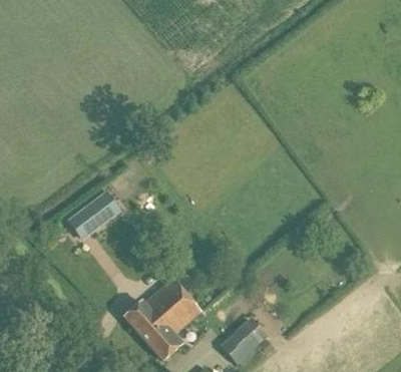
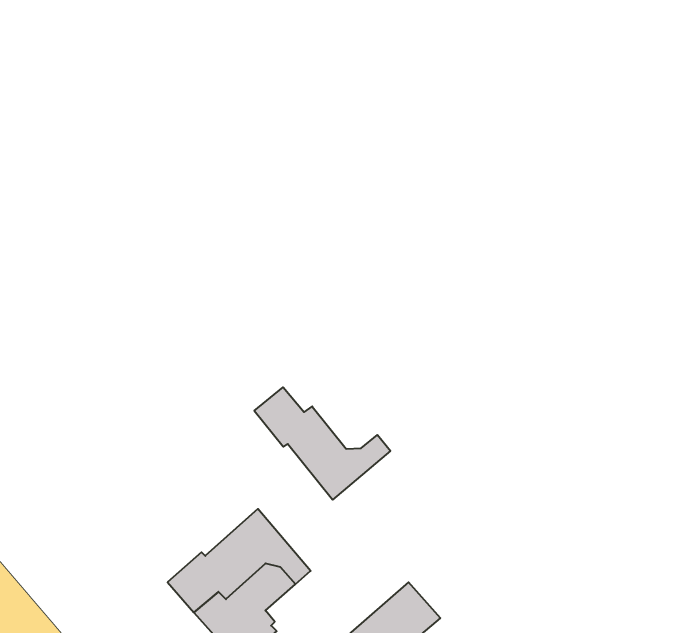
building: [67,191,121,241] -> none
building: none -> [254,387,390,500]

